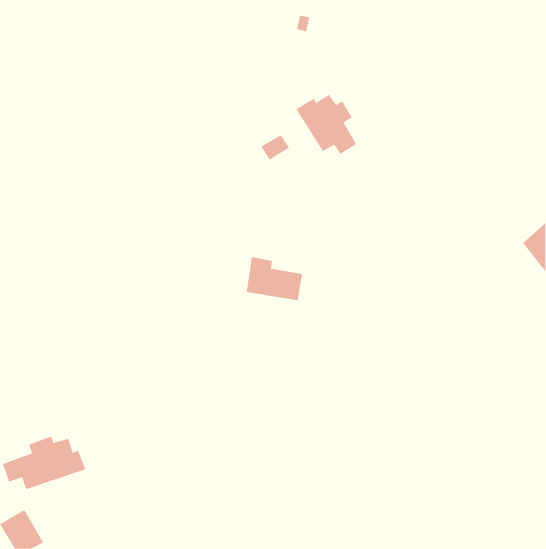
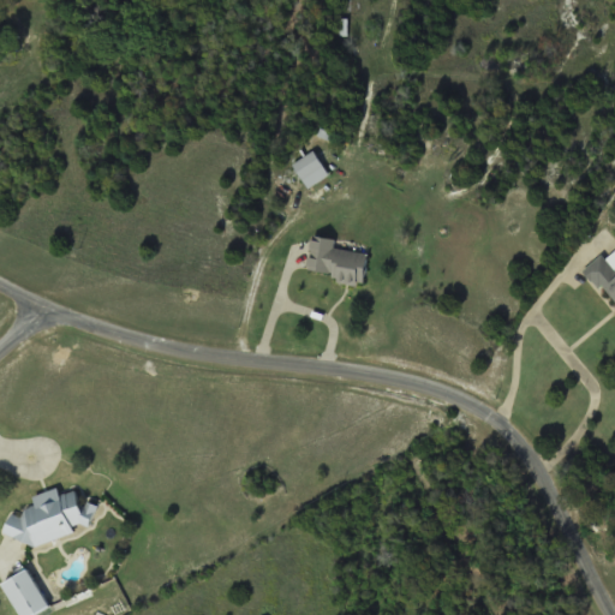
building: [295,94,357,155] -> none
building: [246,257,303,301] -> [306,233,370,282]

